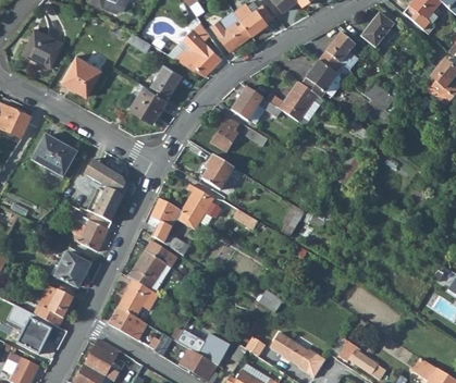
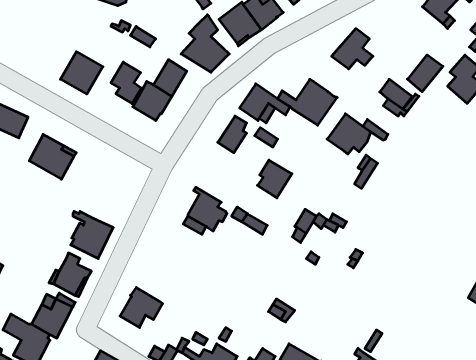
building: [360,13,394,48] -> [407,55,443,92]
building: [22,28,62,67] -> none
building: [300,60,342,98] -> [327,114,371,154]
building: none -> [111,62,142,104]
building: [201,153,234,189] -> [257,160,292,198]
building: [83,160,127,222] -> none
building: [148,198,189,255] -> none
building: [128,240,176,292] -> none
building: [108,306,147,339] -> none

